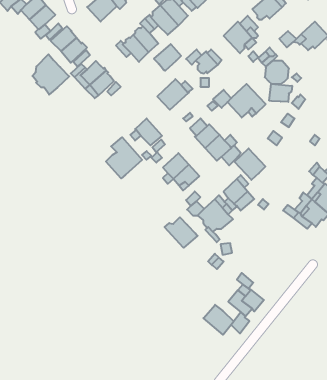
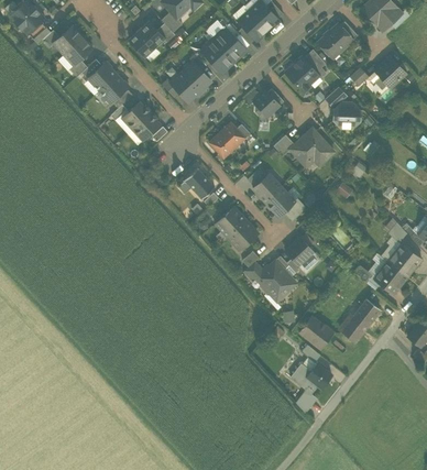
building: [154,44,181,71] -> none
building: [32,54,69,95] -> none
building: [269,84,292,102] -> none
building: [106,137,142,178] -> none
building: [234,148,265,180] -> none
building: [165,217,198,248] -> none
building: none -> [339,296,382,343]
building: none -> [298,315,333,349]
building: [203,305,234,335] -> none

